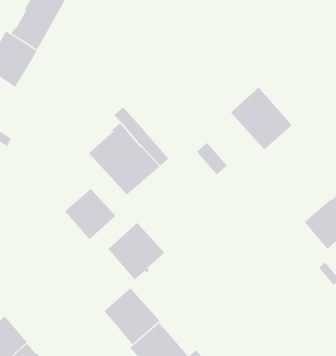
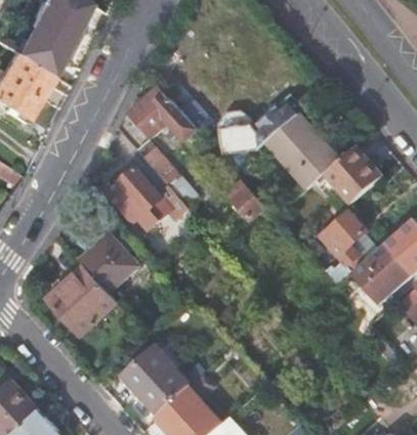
building: none -> [130,87,197,141]
building: none -> [221,96,304,157]
building: none -> [325,147,382,204]
building: none -> [321,211,370,272]
building: [108,222,165,281] -> [49,267,115,334]

